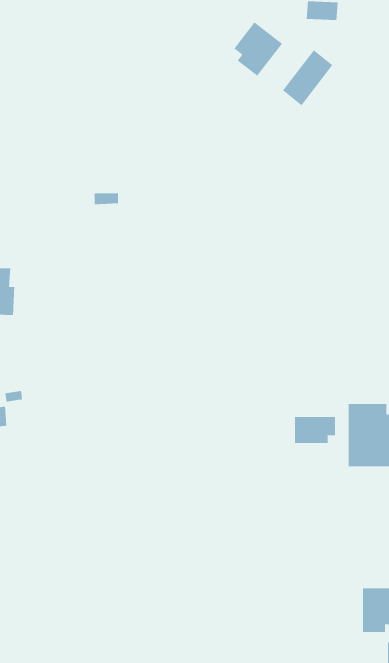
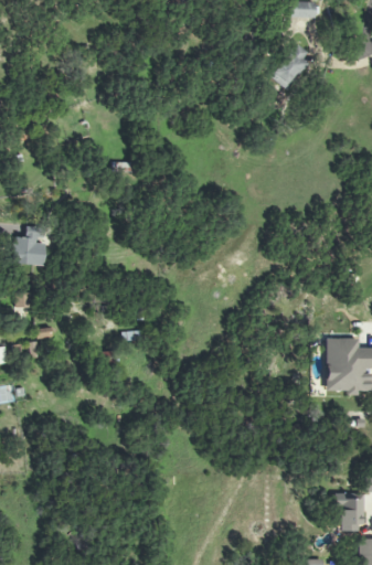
building: [234,22,283,76] -> none
building: [294,416,335,444] -> none

